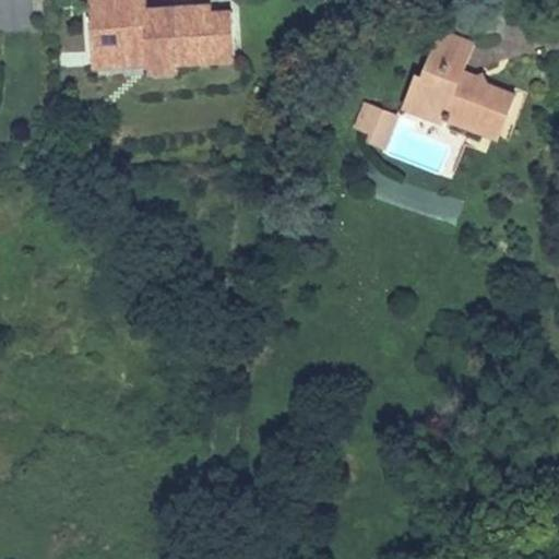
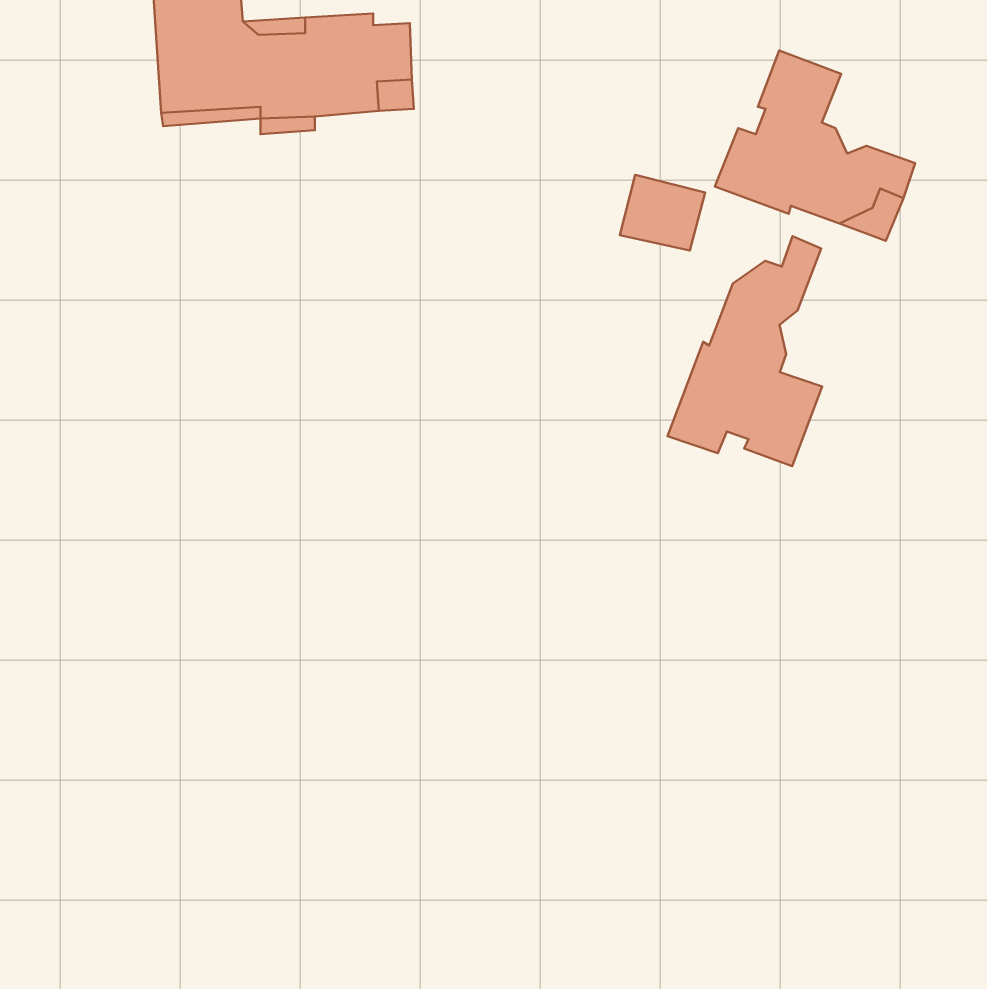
building: none -> [667,236,822,466]

